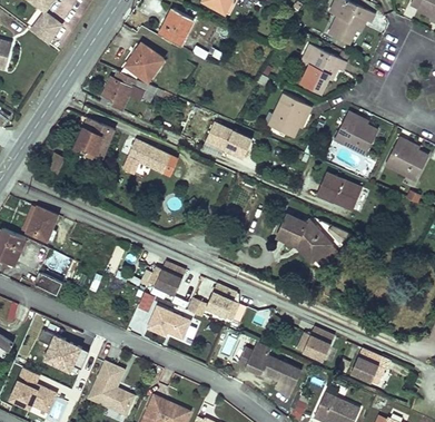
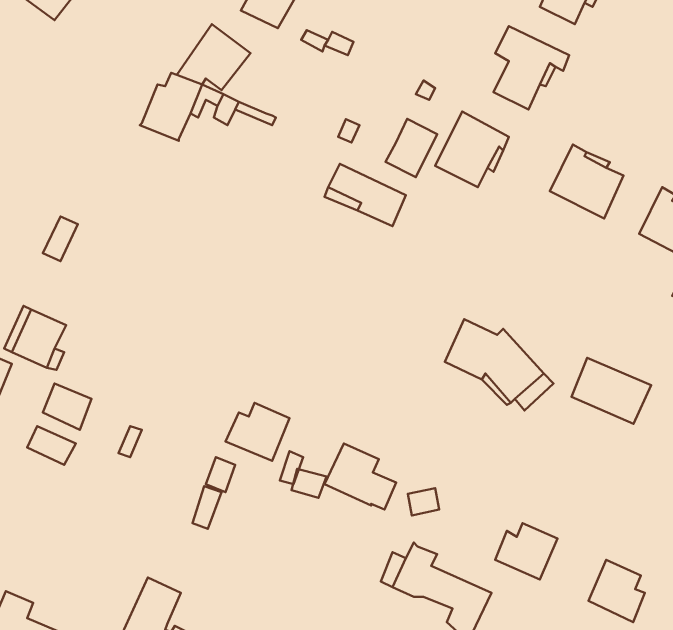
building: none -> [386,119,437,177]
building: [73,116,112,159] -> none
building: [122,140,169,175] -> none
building: [317,173,363,210] -> [572,358,651,424]
building: [147,306,189,338] -> none
building: [36,331,88,376] -> none

